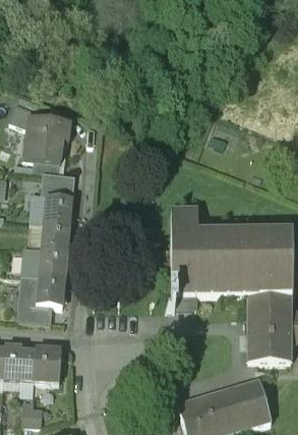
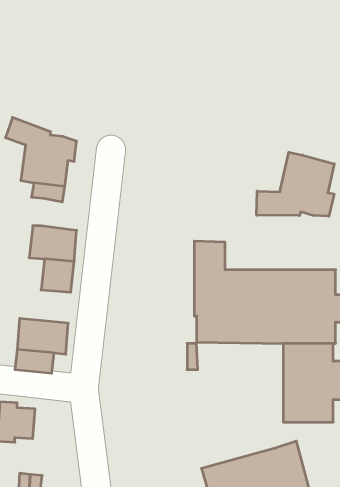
building: none -> [257,152,334,216]
building: [41,170,74,198] -> none
building: [22,248,66,277] -> none
building: [34,346,60,381] -> none

